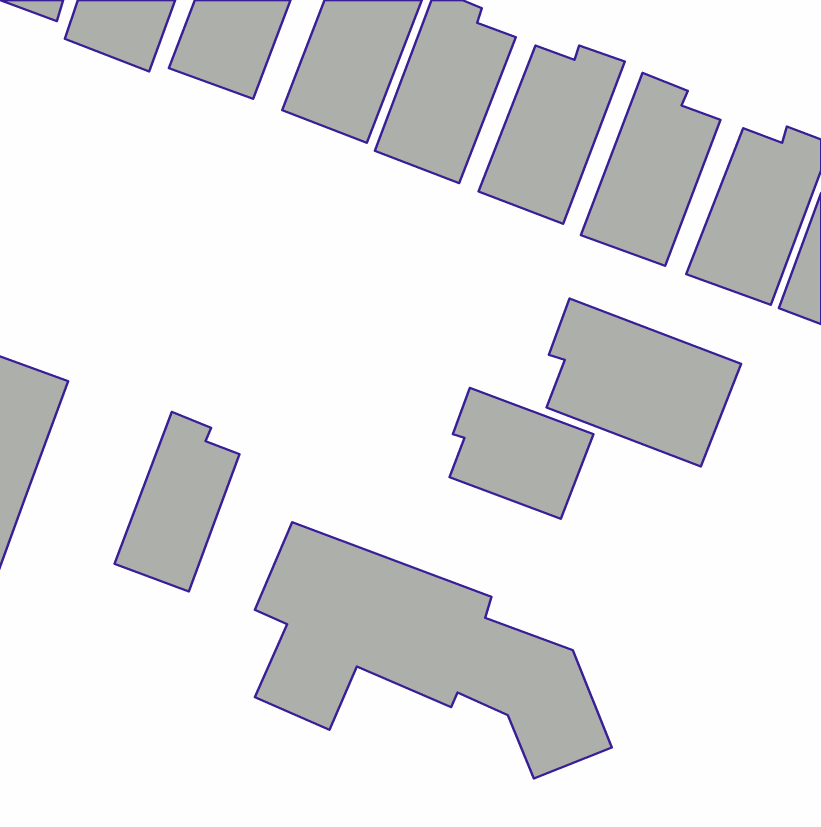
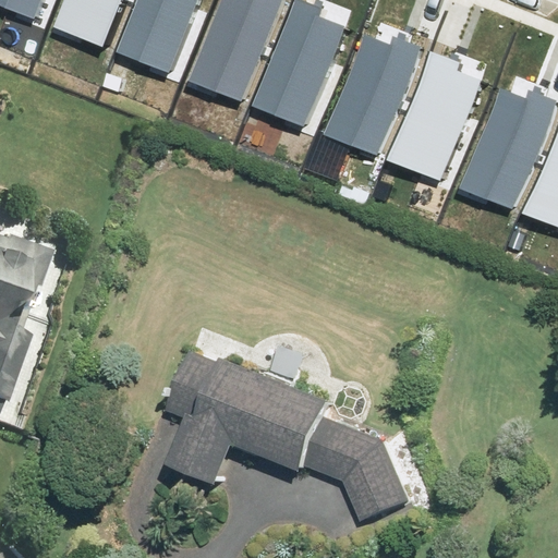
building: [547,298,741,466] -> none
building: [450,388,594,519] -> none
building: [114,412,240,592] -> none

